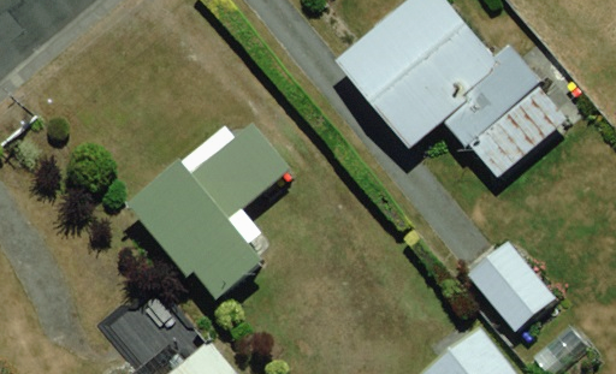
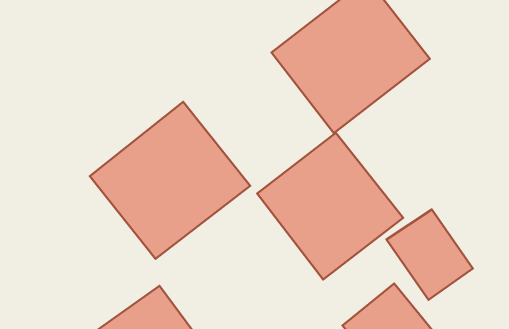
building: [451,81,558,182] -> none
building: none -> [257,133,403,279]

